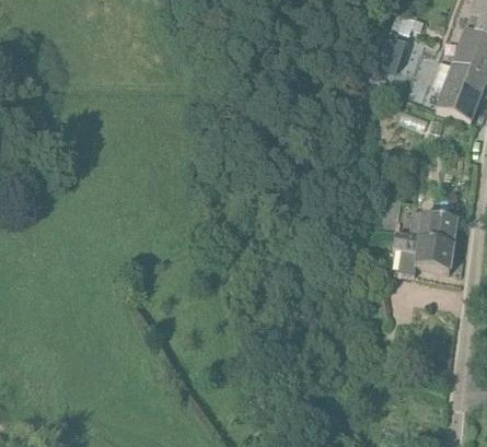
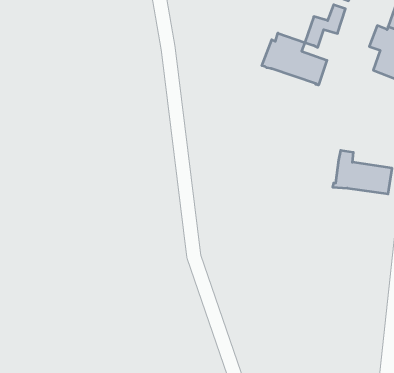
building: none -> [262,33,327,85]
building: [392,235,454,271] -> none

